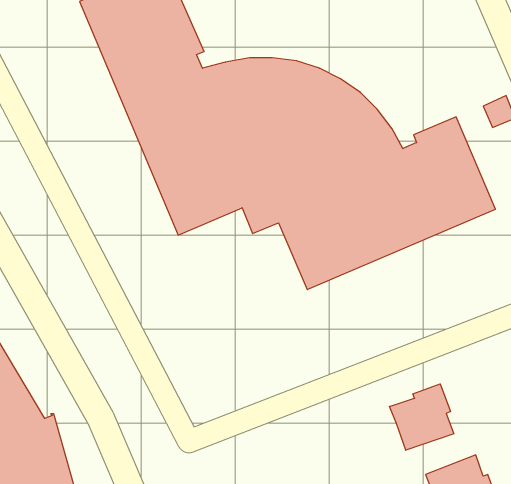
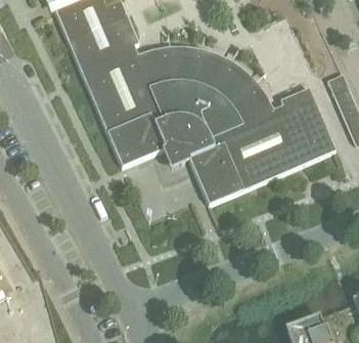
building: [389,384,454,450] -> none

